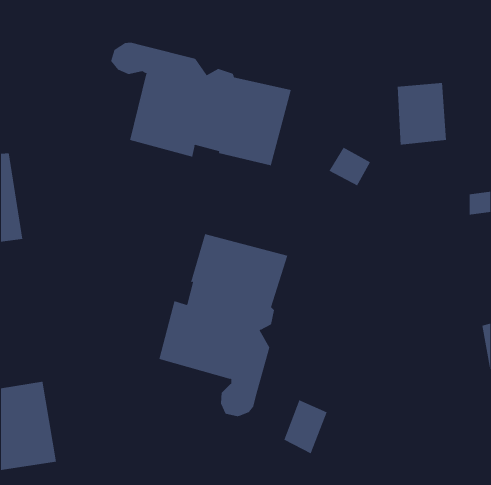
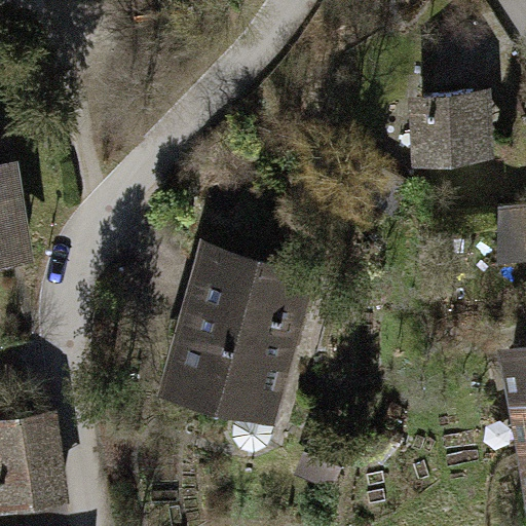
building: [110,42,292,166] -> none

